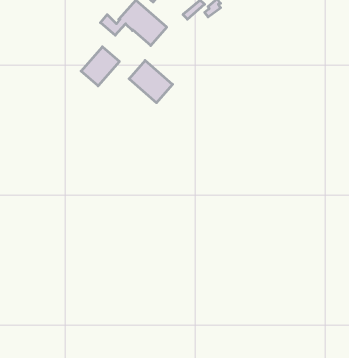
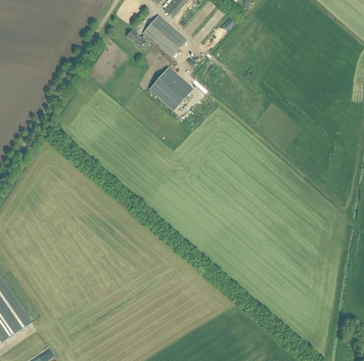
building: [81,47,119,86] -> none

